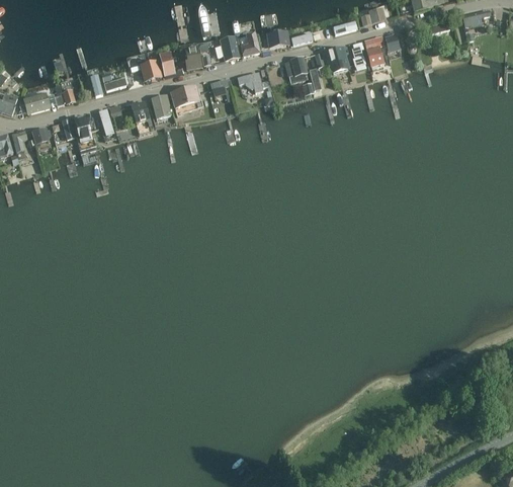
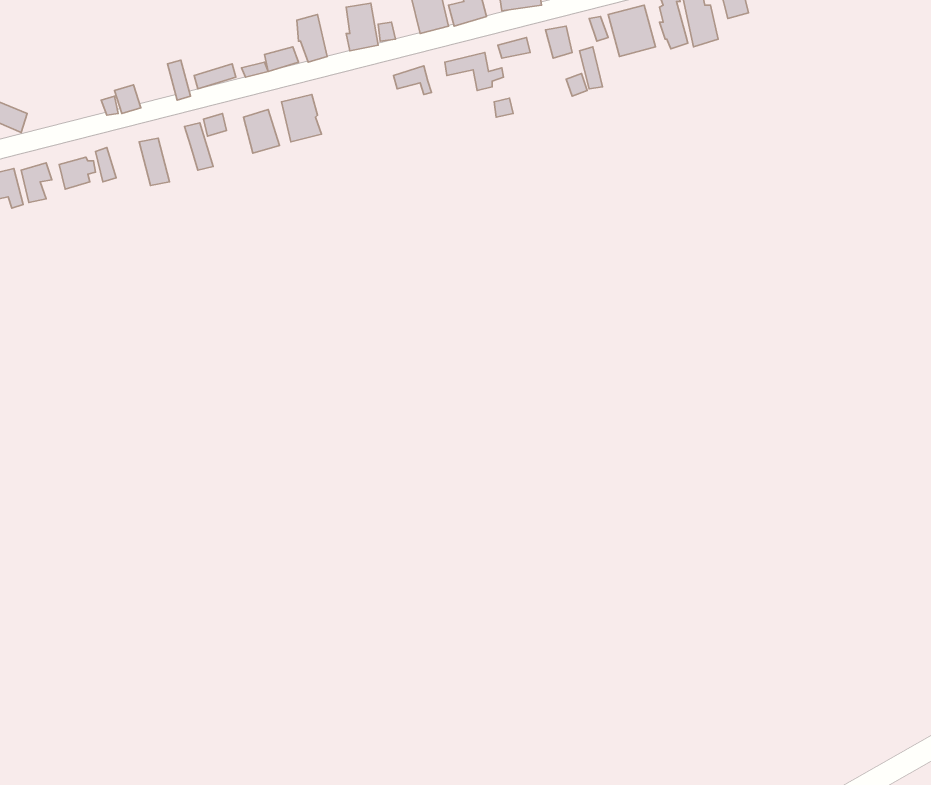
building: [170,85,200,107] -> none
building: [23,92,51,113] -> none

